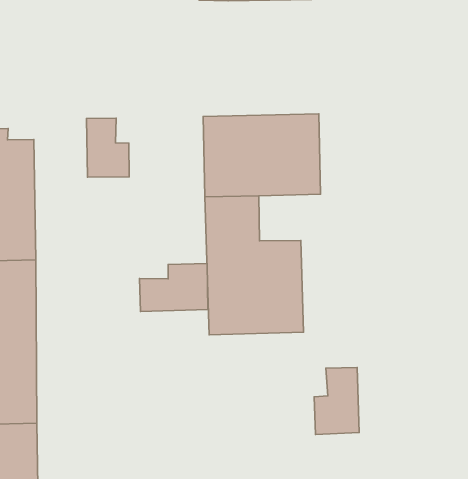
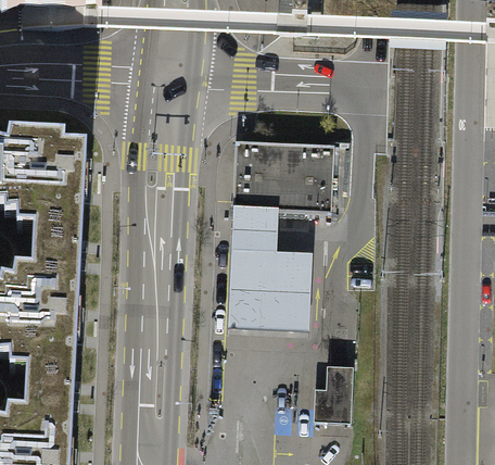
building: [87,118,129,177] -> none
building: [140,263,208,311] -> none

